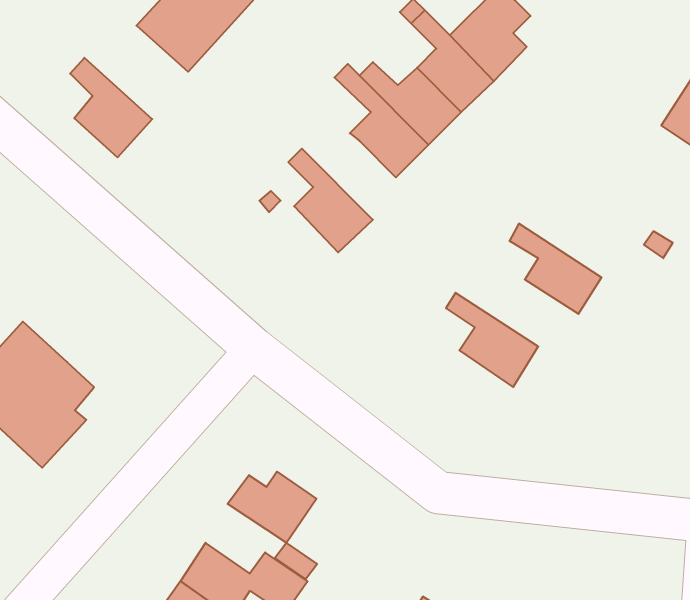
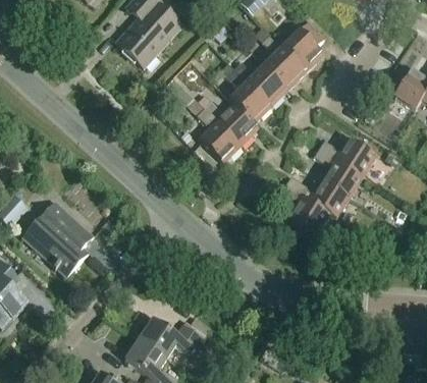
building: [70,58,152,157] -> none
building: none -> [203,102,258,147]
building: none -> [318,138,376,177]
building: none -> [284,176,350,219]
building: [228,472,316,543] -> none

